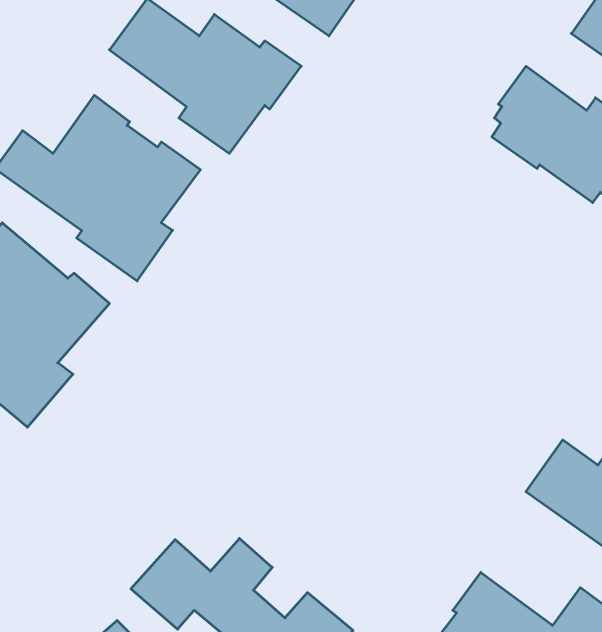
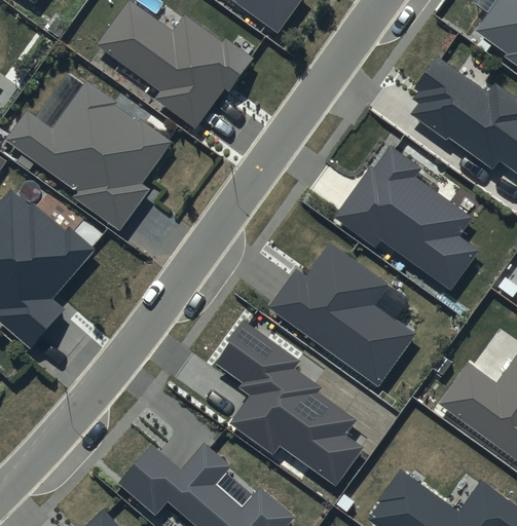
building: none -> [333,145,479,290]
building: none -> [268,245,414,384]
building: none -> [215,320,364,486]

